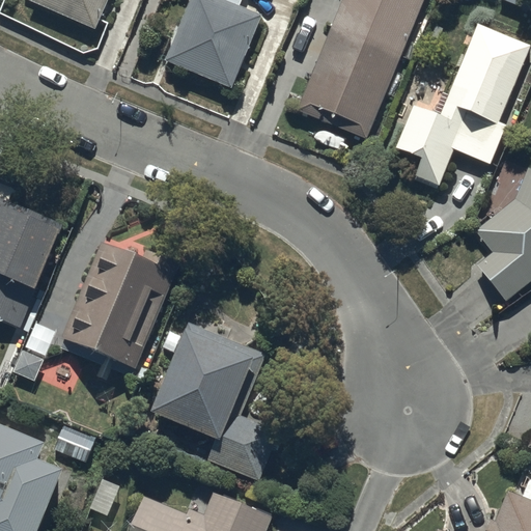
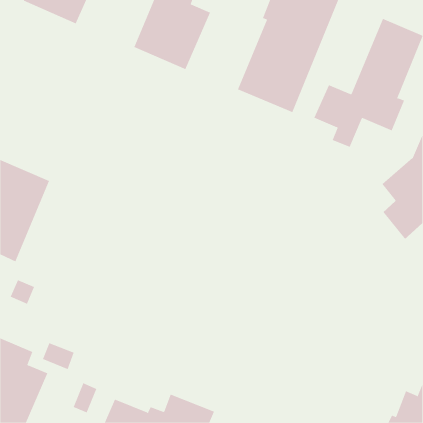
building: [60,247,173,371] -> none
building: [149,323,278,479] -> none

